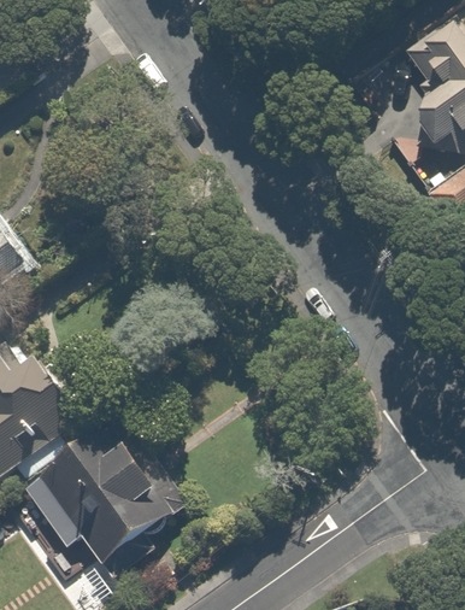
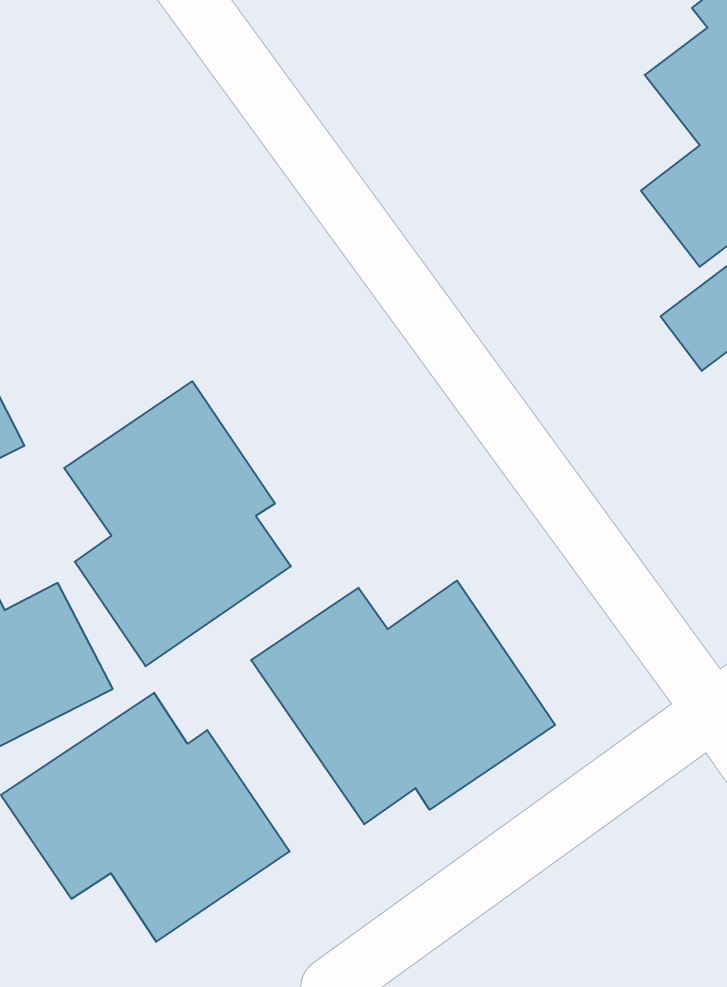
building: none -> [64,381,291,666]
building: none -> [251,581,555,824]

